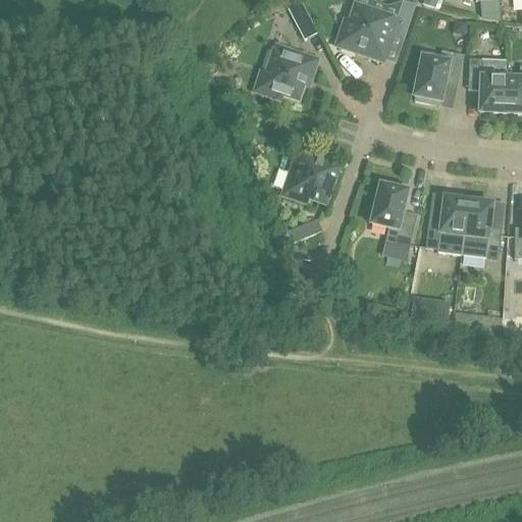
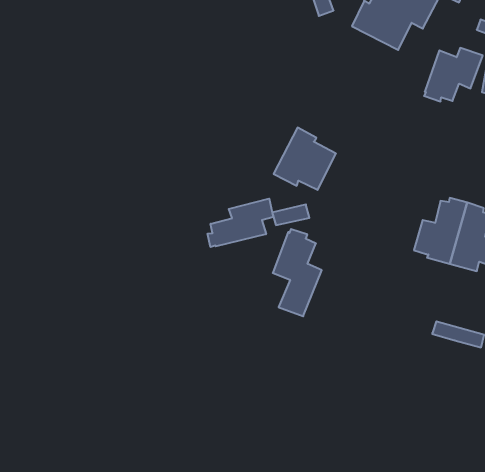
building: [254,45,316,99] -> none
building: [370,179,416,260] -> [273,229,322,316]
building: none -> [208,199,273,247]

